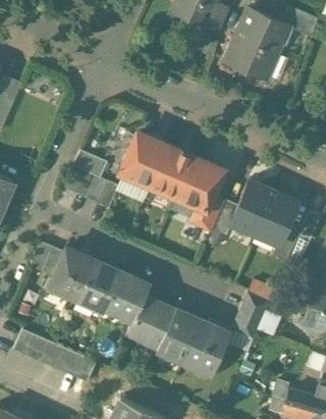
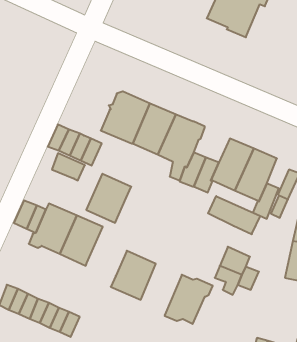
building: [74,150,108,177] -> [52,153,85,180]
building: none -> [208,196,260,234]
building: [104,270,150,320] -> [86,174,131,223]
building: [157,308,201,360] -> none

